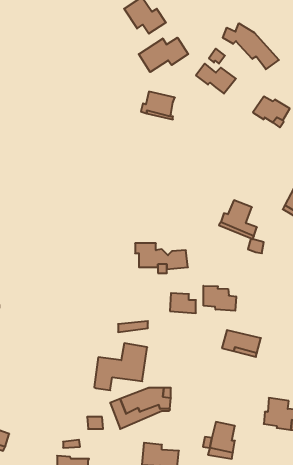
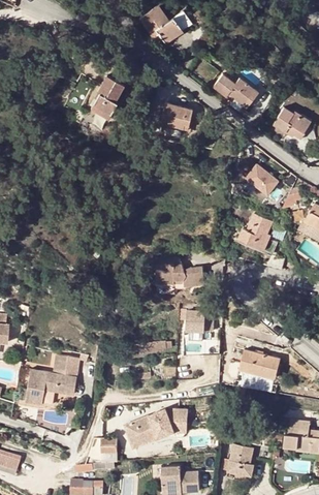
building: [223,23,279,69] -> none
building: [139,38,188,72] -> none
building: none -> [92,74,123,117]
building: none -> [244,161,279,195]
building: [203,286,236,311] -> none
building: [94,343,147,390] -> [26,355,81,404]

